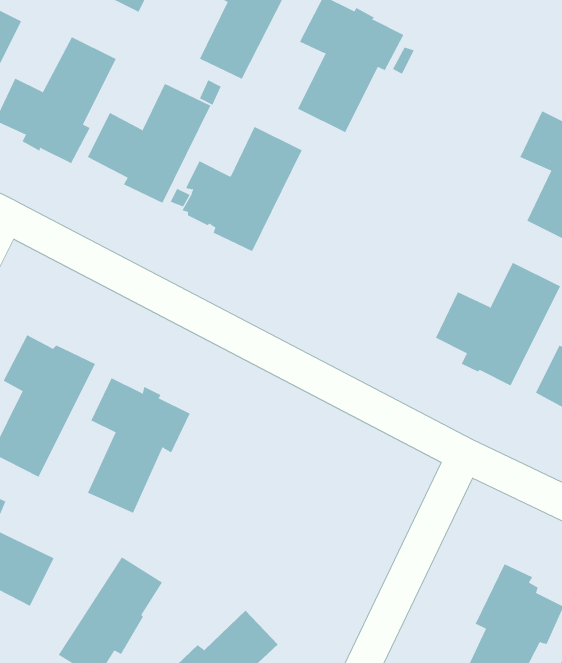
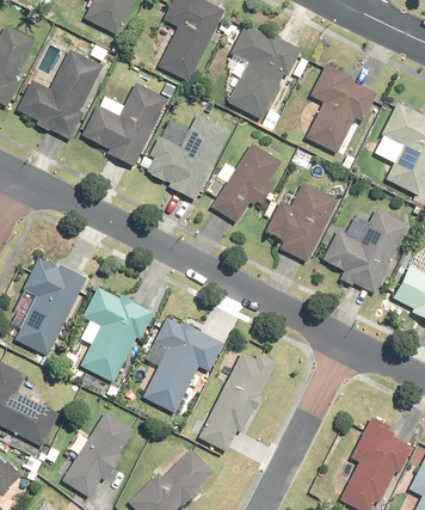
building: none -> [307,63,377,153]
building: none -> [210,145,281,225]
building: none -> [265,183,338,262]
building: none -> [142,318,223,413]
building: none -> [197,352,277,453]

